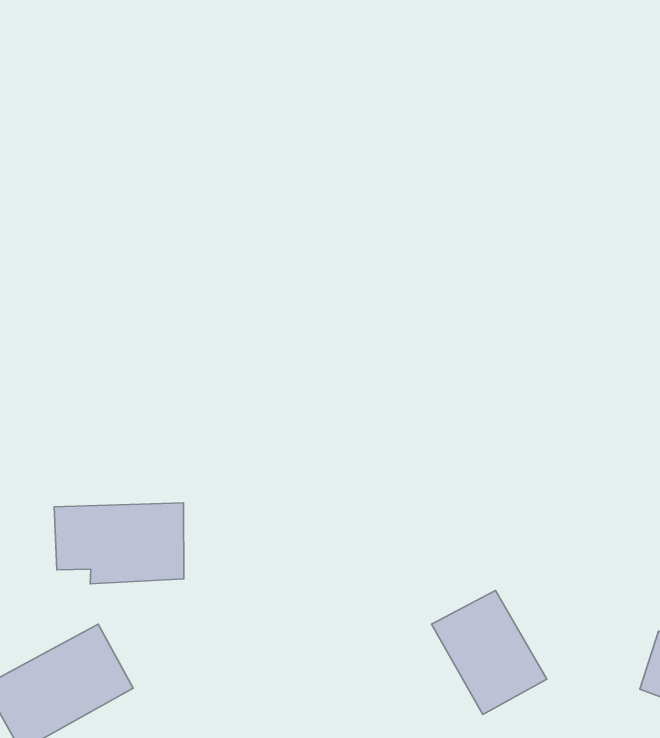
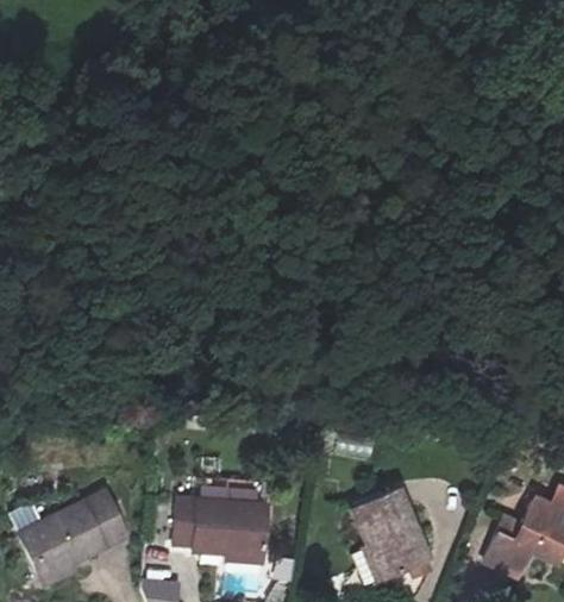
building: [54,503,184,584] -> [169,498,265,558]

